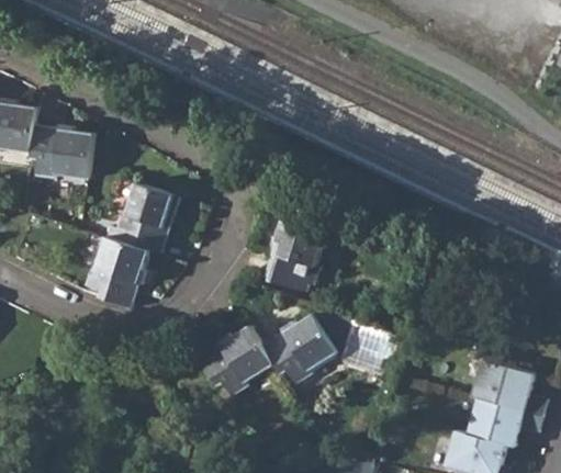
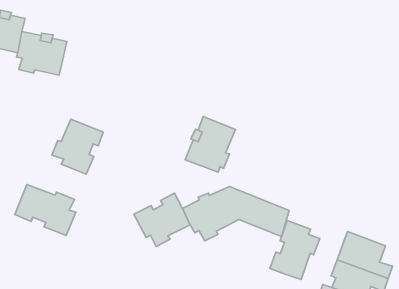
building: [105,183,179,256] -> none
building: none -> [15,184,76,235]
building: none -> [270,221,320,279]

